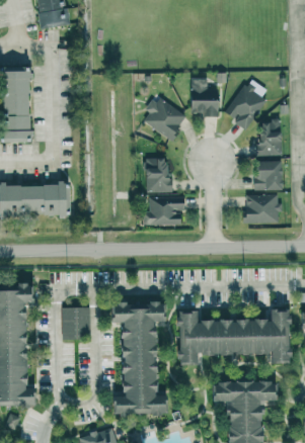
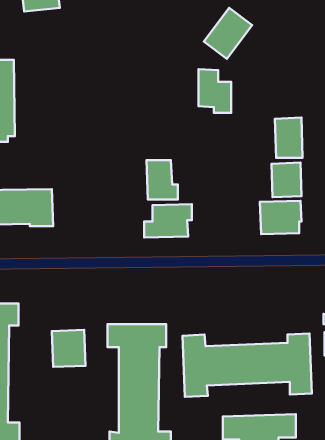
building: [227,84,270,128] -> [204,8,252,59]
building: [145,96,187,139] -> none

